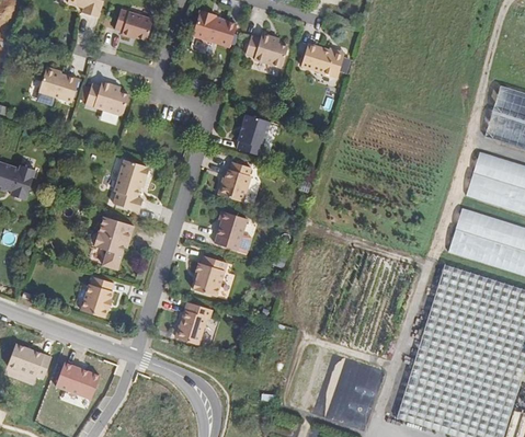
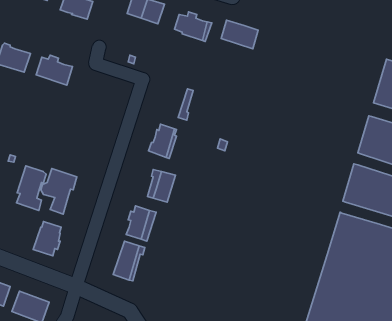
building: [236,114,263,154] -> none
building: [112,159,147,211] -> [16,166,46,210]

